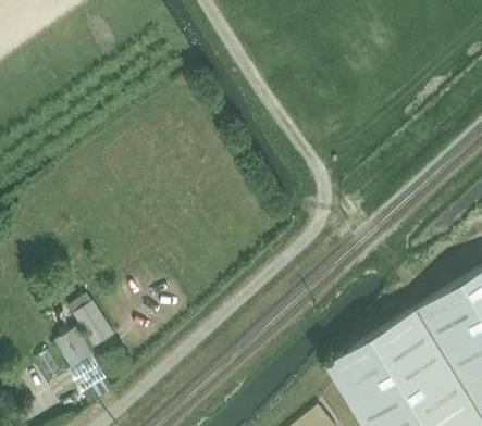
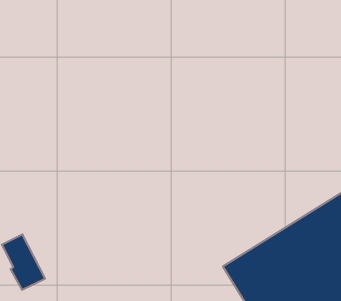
building: [67,299,108,346] -> none

